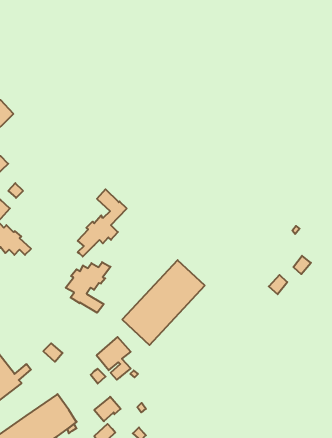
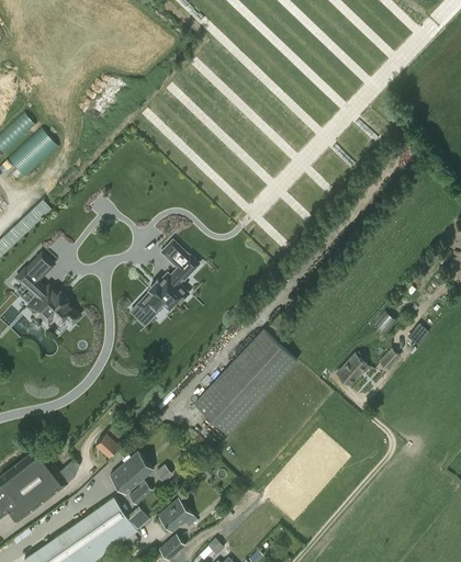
building: [66,262,111,313] -> none
building: none -> [336,355,367,385]
building: [97,337,131,380] -> [110,452,153,506]

